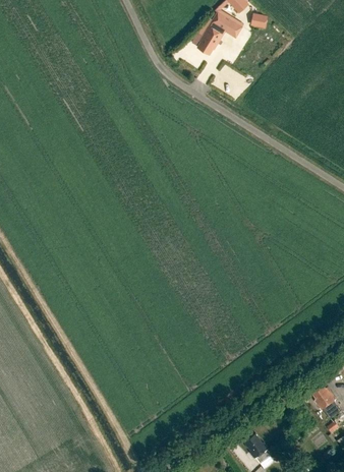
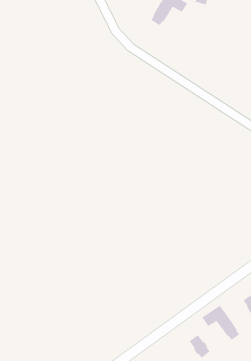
building: none -> [201,305,240,341]

